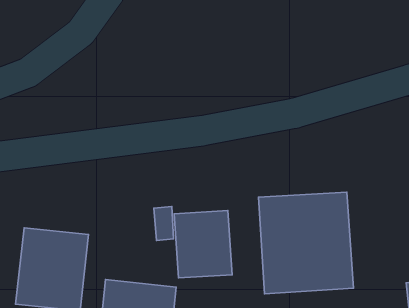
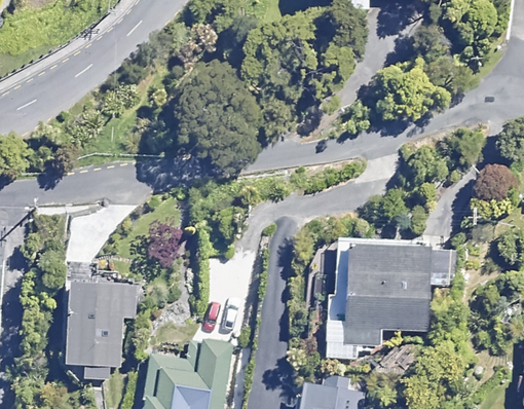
building: [174,211,232,278] -> none

